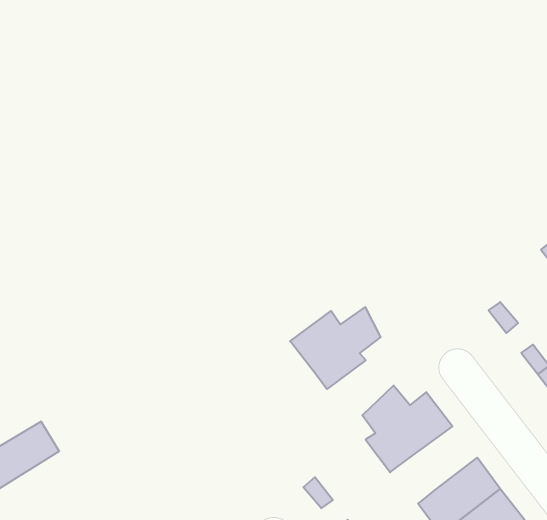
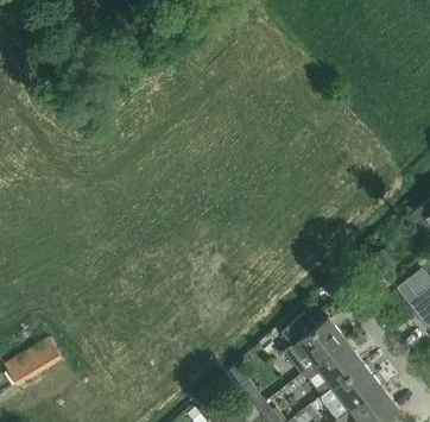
building: [290,307,381,389] -> none
building: none -> [316,342,365,389]

